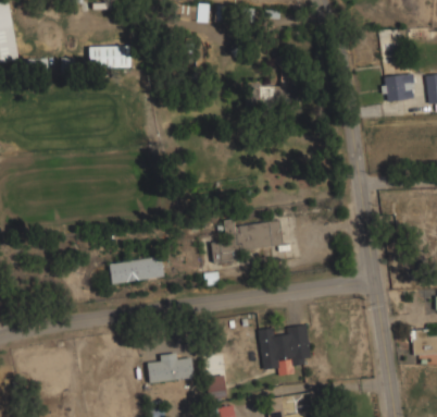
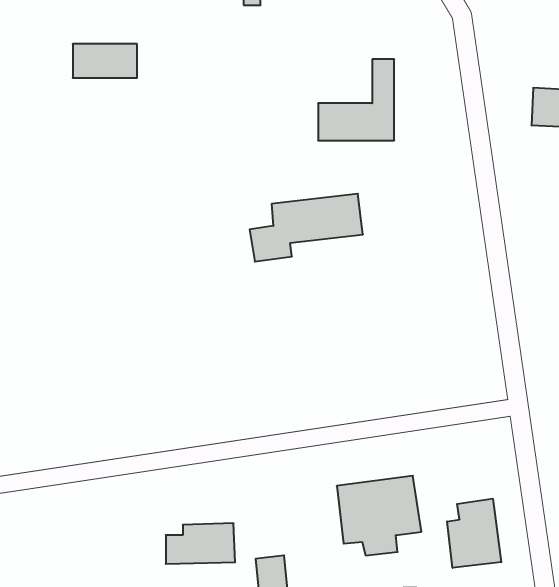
building: [210,220,283,263] -> [250,194,363,262]
building: [109,257,164,284] -> none
building: none -> [447,499,501,568]

